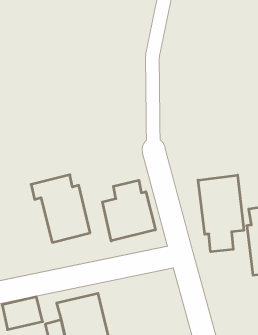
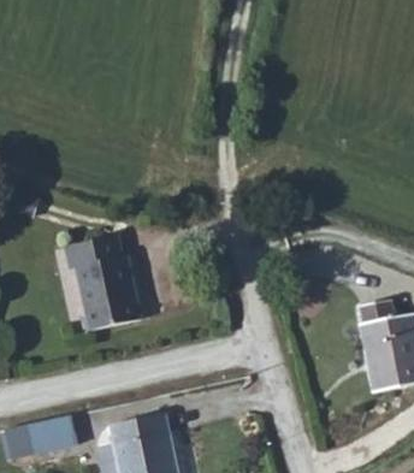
building: [198,175,244,252] -> none
building: [102,180,155,241] -> none

